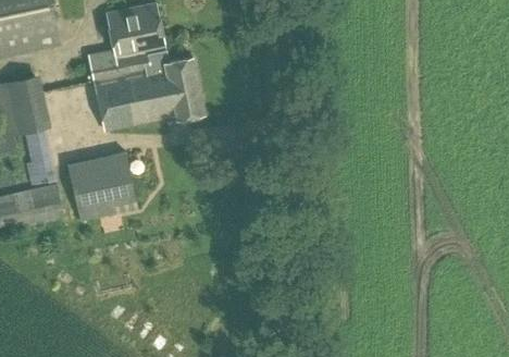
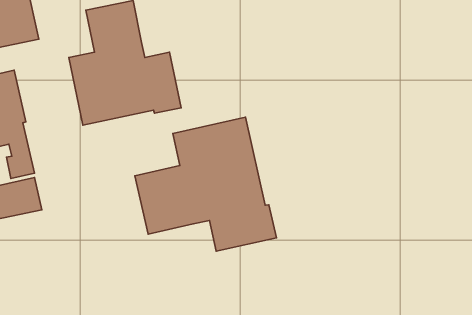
building: none -> [135,117,276,251]
building: [69,153,137,218] -> none

